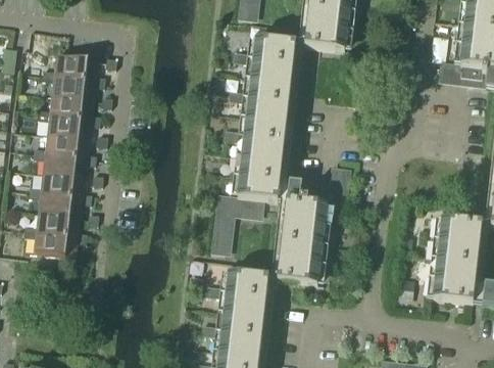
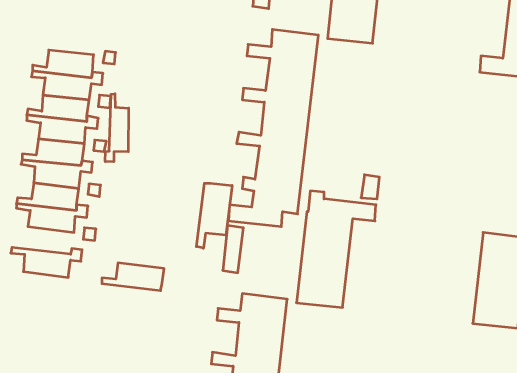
building: none -> [105,94,129,162]
building: none -> [196,183,232,248]
building: [23,212,79,236] -> [102,263,164,291]

